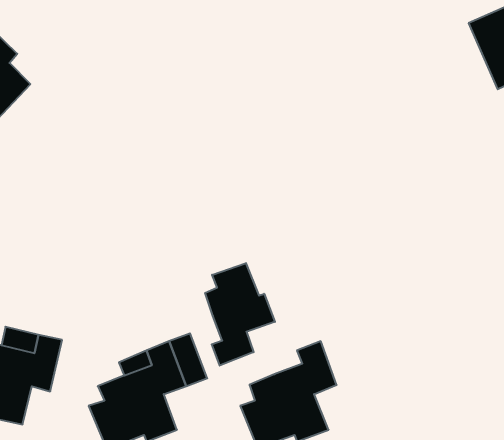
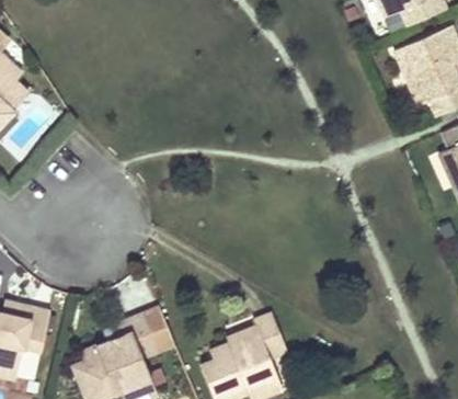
building: [205,263,275,366] -> none

